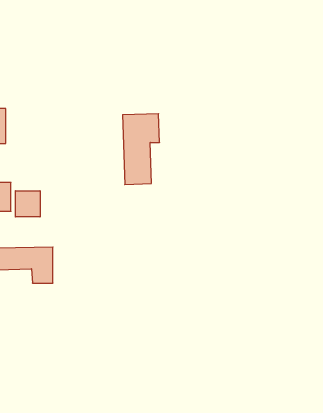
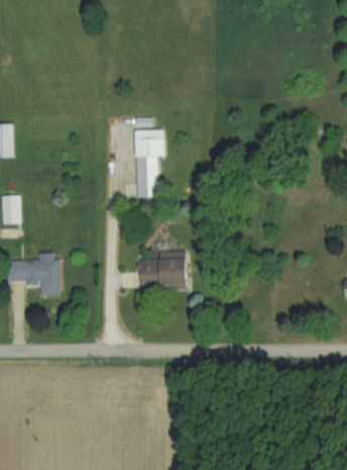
building: [15,191,40,217] -> none
building: none -> [143,254,191,286]

